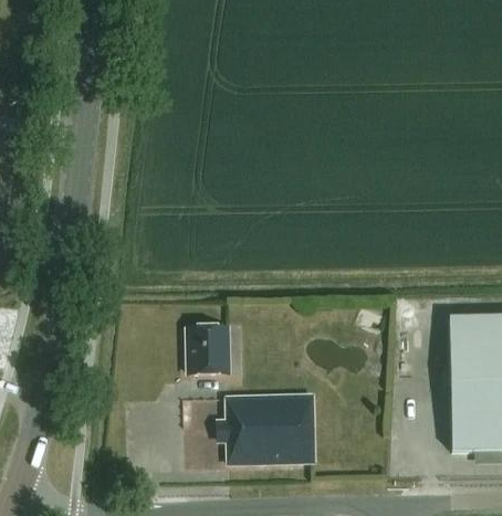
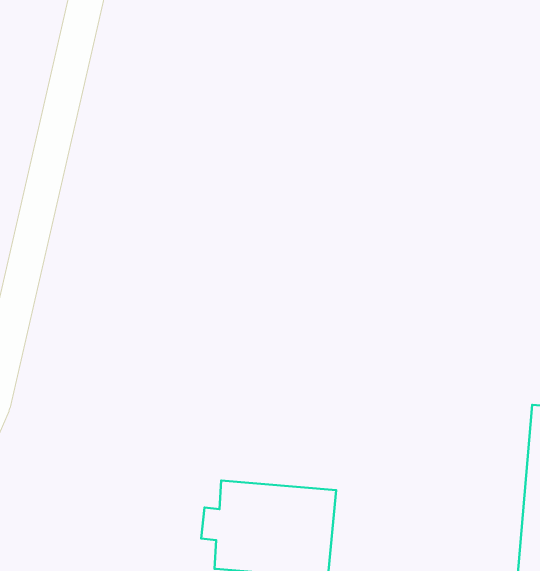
building: [189,327,229,373] -> none

